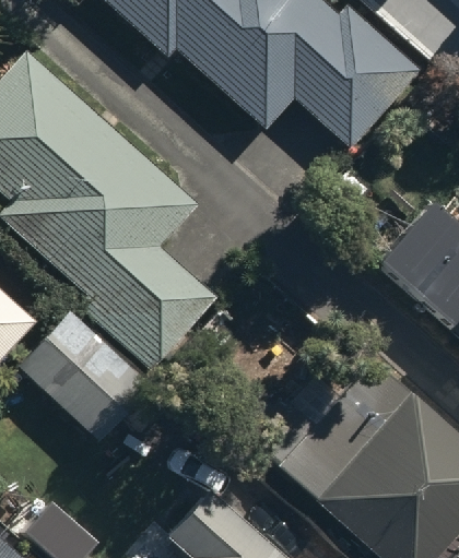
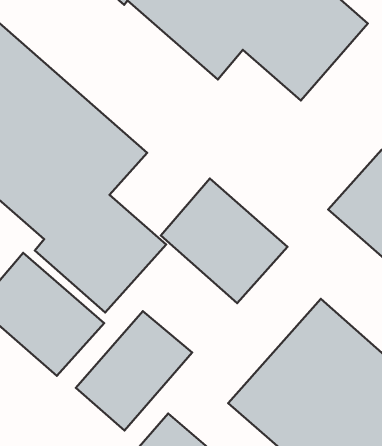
building: none -> [161,178,287,303]
building: none -> [76,311,192,430]

